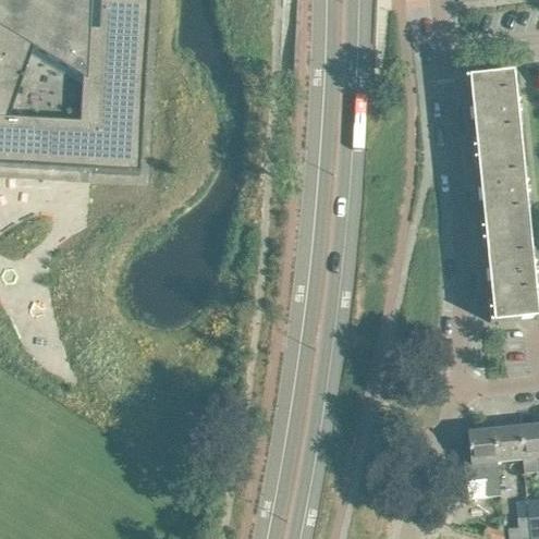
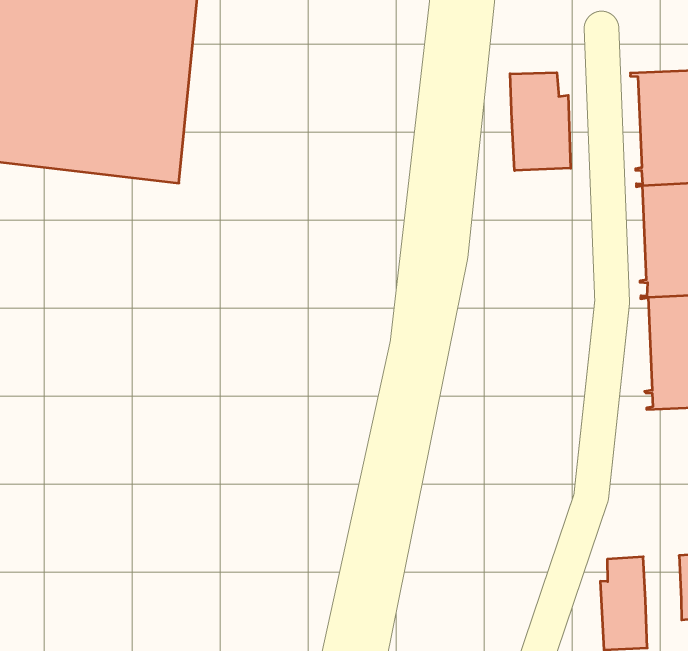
building: none -> [510,73,571,171]
building: [493,422,523,456] -> none

